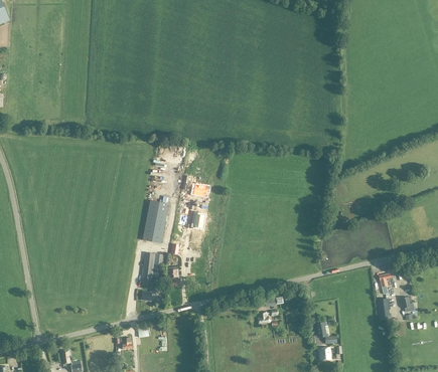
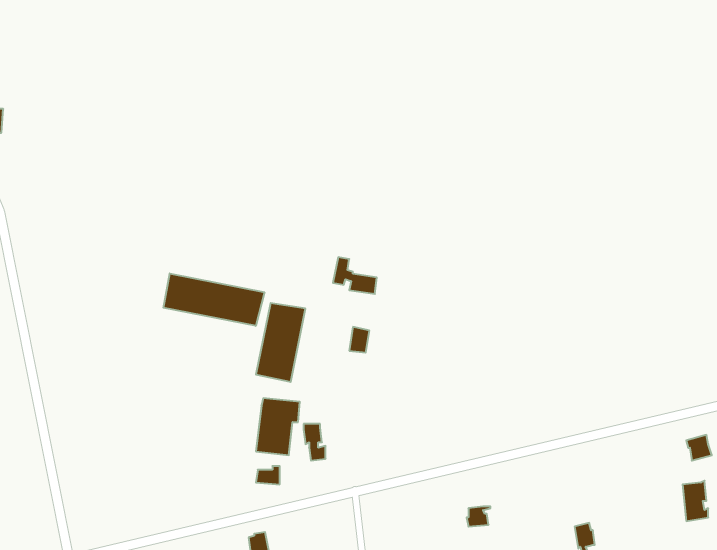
building: none -> [163,273,264,326]

